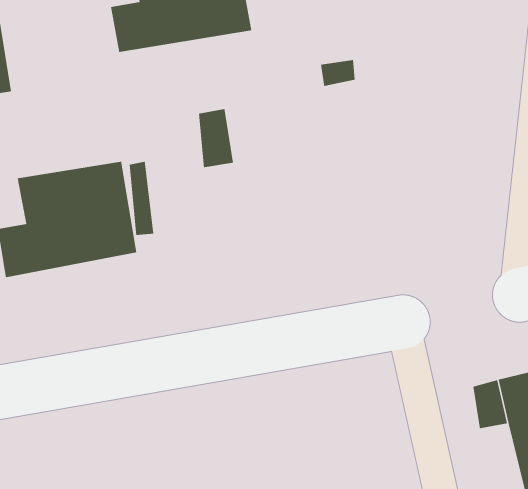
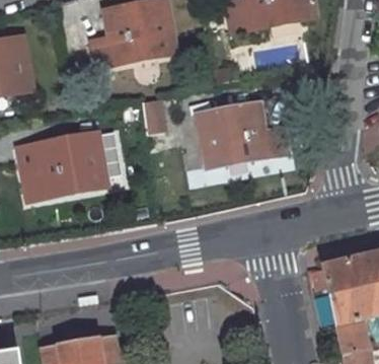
building: none -> [199,101,287,168]

